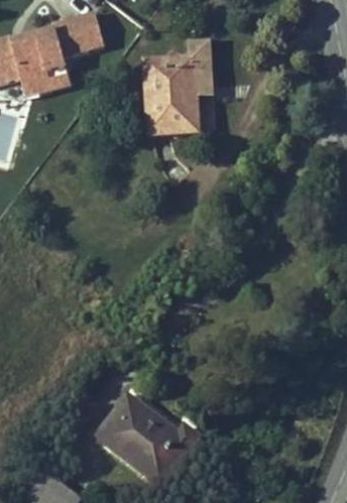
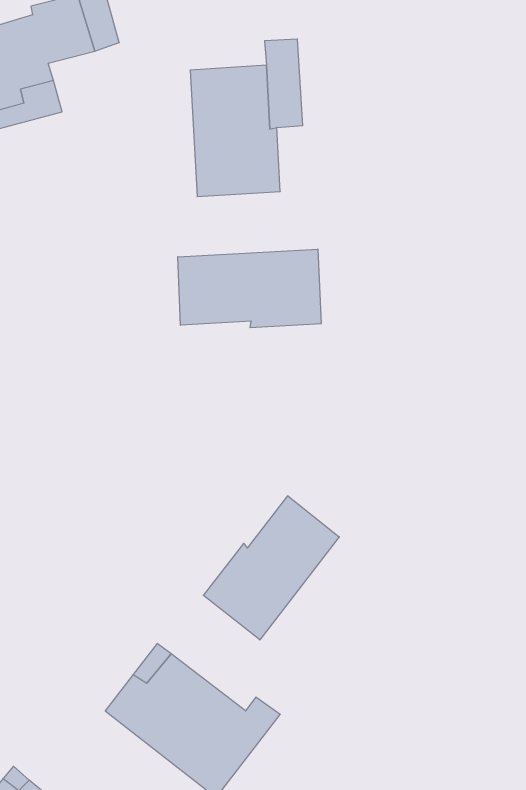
building: none -> [178,249,321,328]
building: none -> [203,496,339,640]

